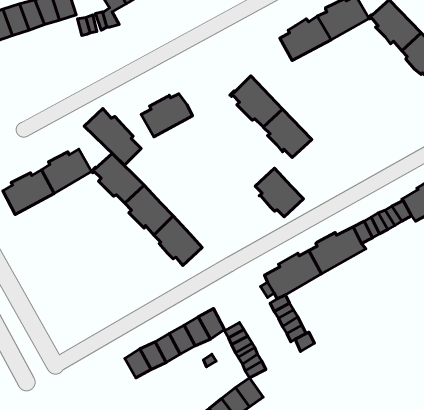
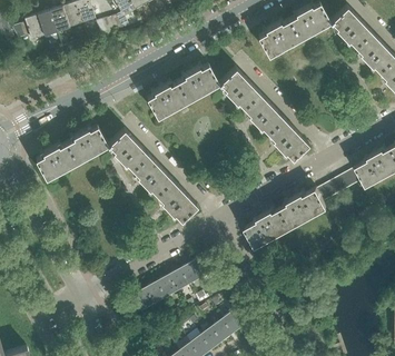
building: none -> [177,66,218,101]
building: [84,109,141,165] -> none
building: [255,168,304,217] -> [268,120,307,159]

